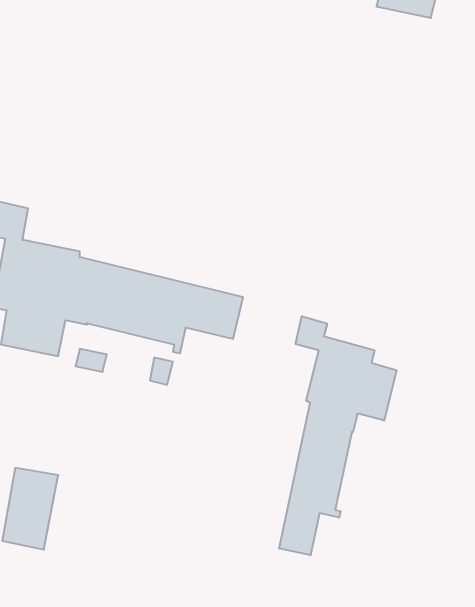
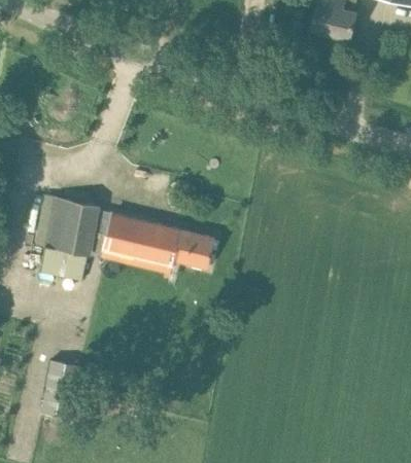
building: [279,316,397,555] -> none

